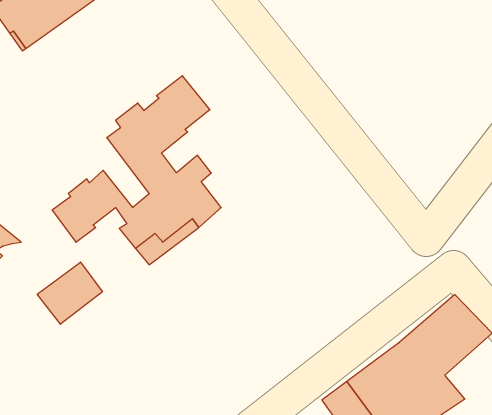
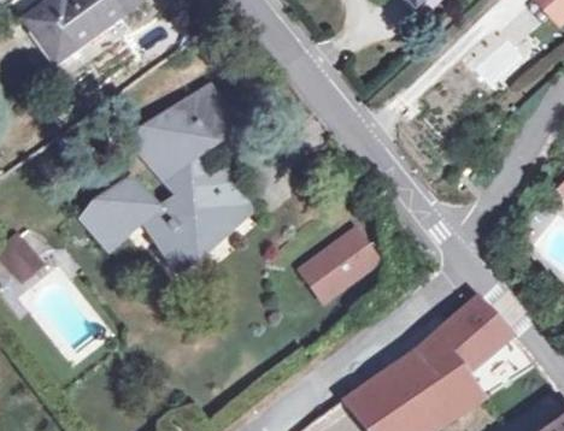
building: none -> [299,230,376,302]
building: [37,262,102,324] -> none

